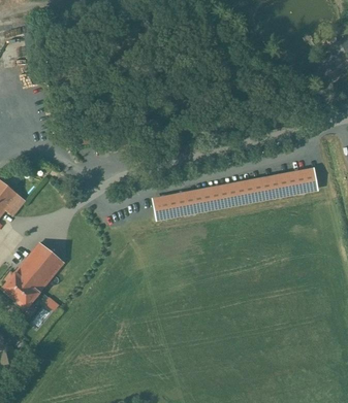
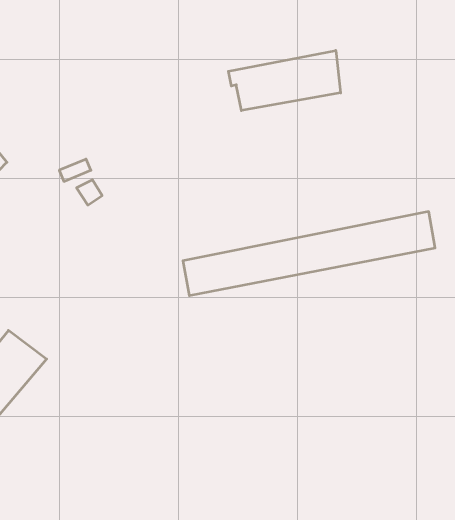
building: none -> [228,50,341,111]

